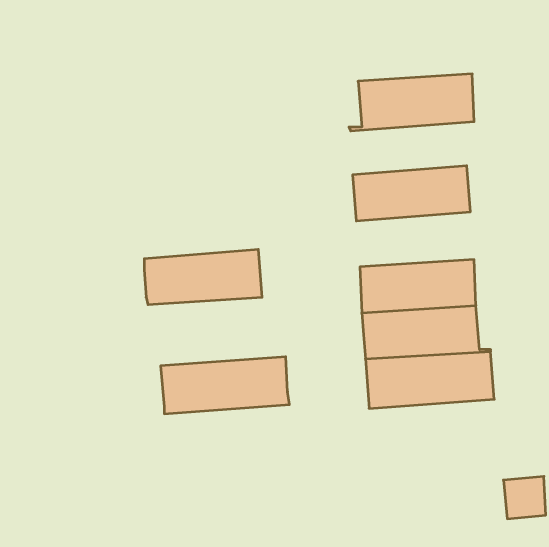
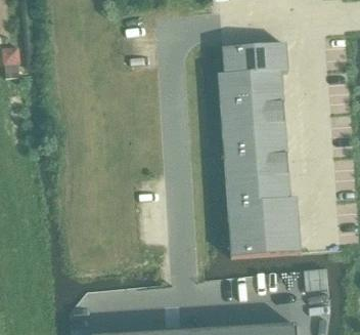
building: none -> [218,71,287,100]
building: [144,249,262,305] -> [221,121,286,152]
building: [161,357,289,414] -> [228,225,300,257]

